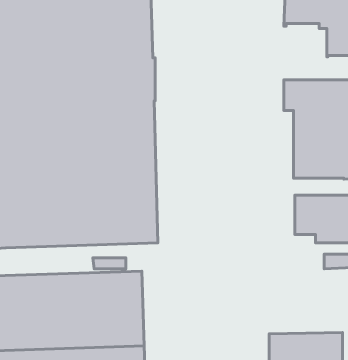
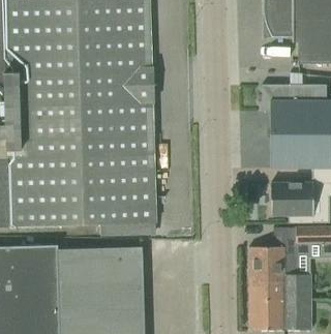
building: none -> [249,246,311,299]

